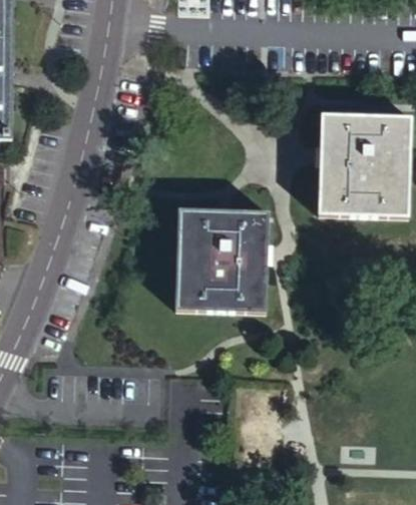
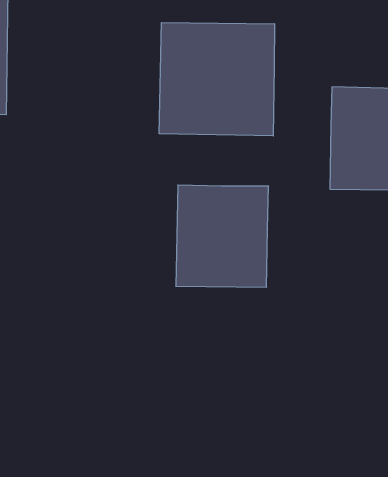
building: none -> [159,23,274,136]

